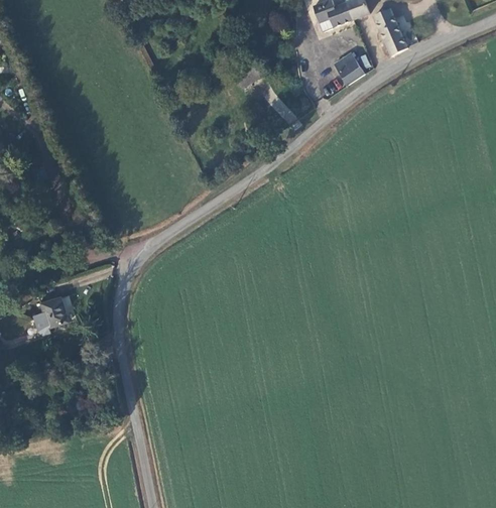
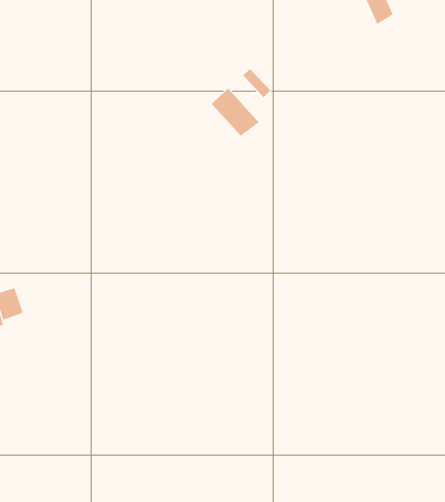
building: [335,51,365,83] -> none
building: none -> [211,88,260,137]

